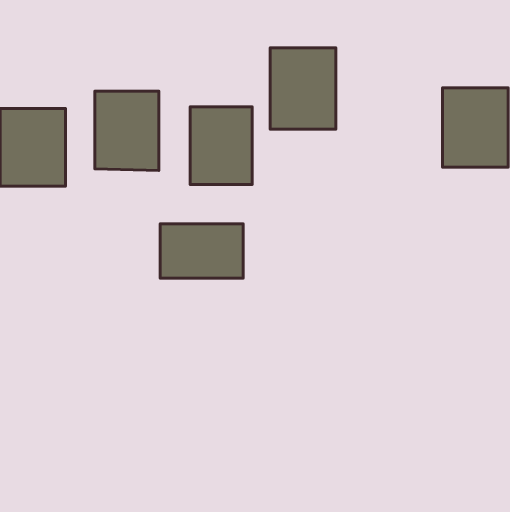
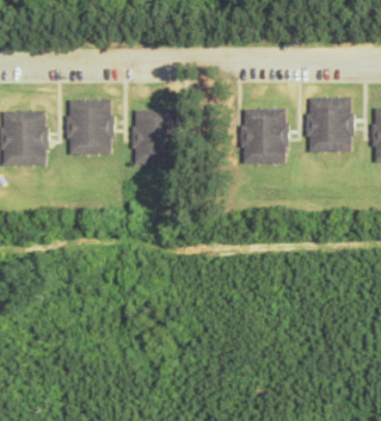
building: [270,48,336,129] -> [241,107,287,163]
building: [160,224,243,278] -> none

